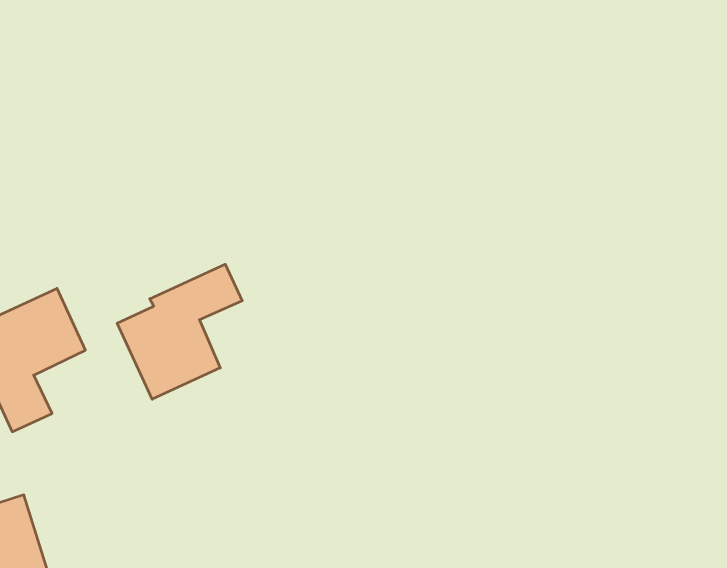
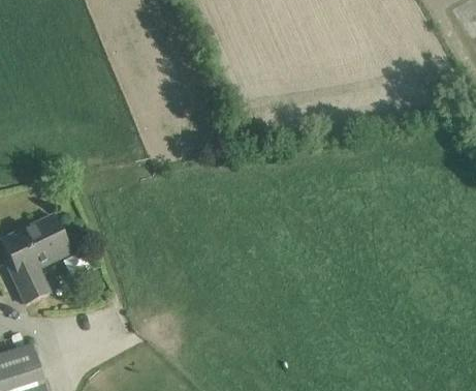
building: [117,264,242,399] -> none

